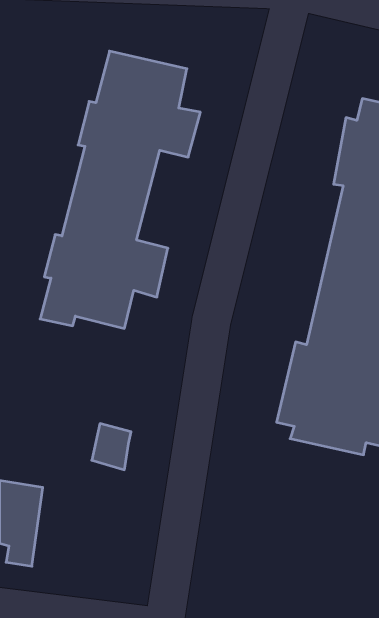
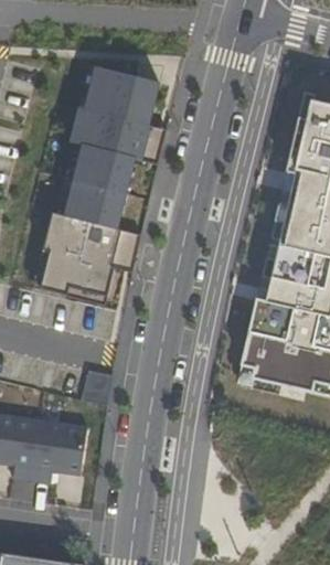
building: none -> [40,422,96,488]

